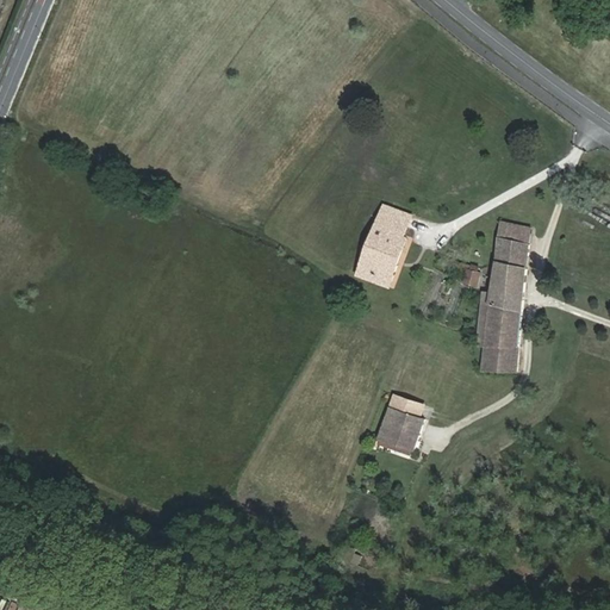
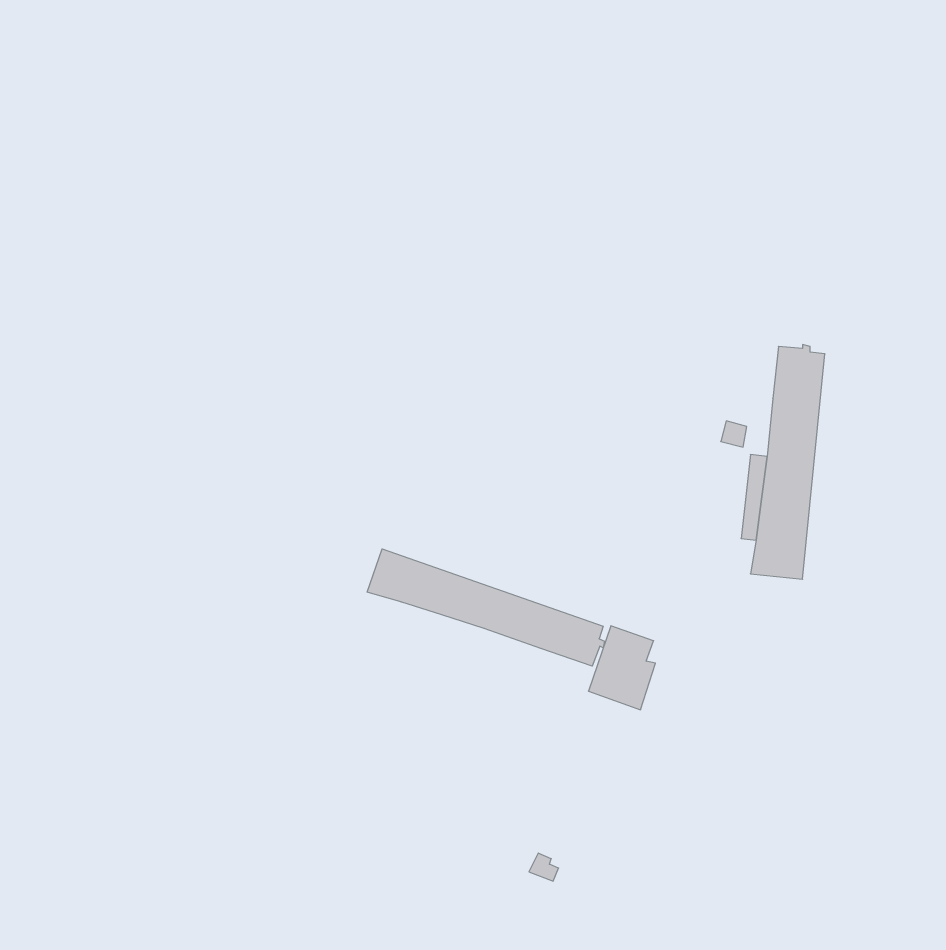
building: [356,205,407,285] -> none
building: none -> [367,549,604,666]

